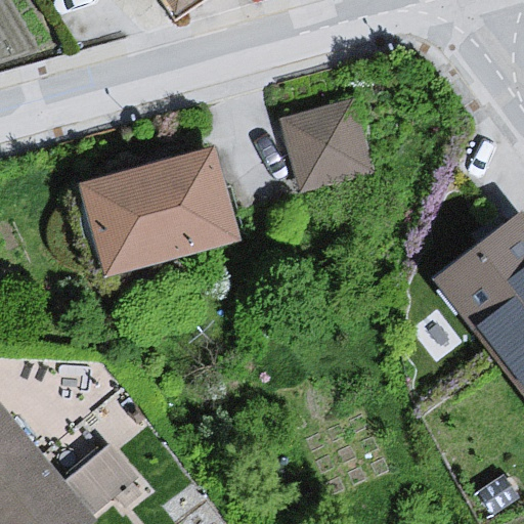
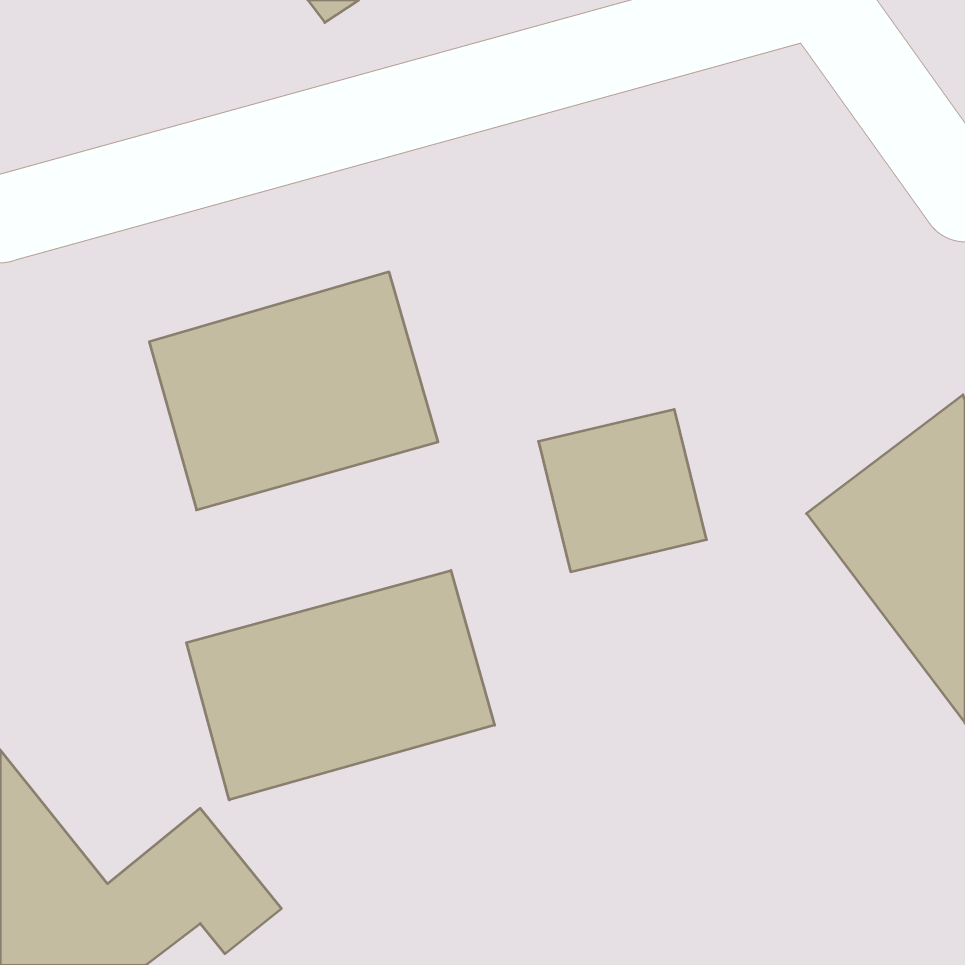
building: [283,101,375,189] -> [538,409,707,572]
building: none -> [186,570,495,800]

